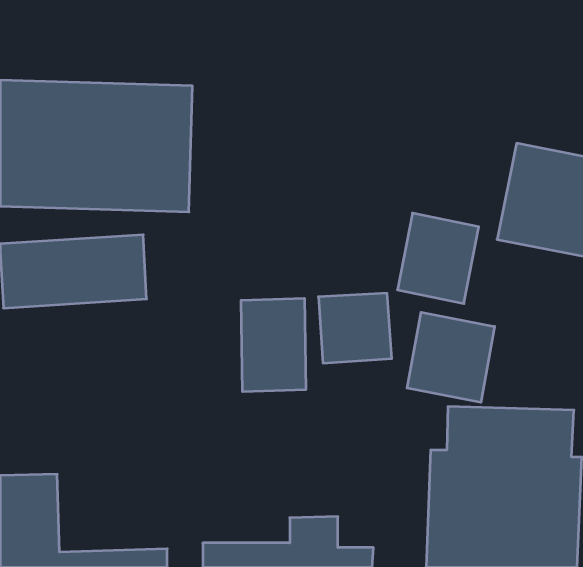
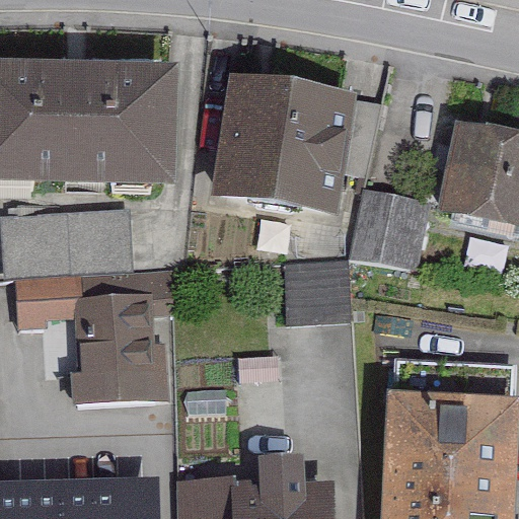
building: none -> [213,83,350,214]
building: [241,298,306,392] -> none
building: [407,312,495,402] -> none
building: none -> [18,280,164,398]

